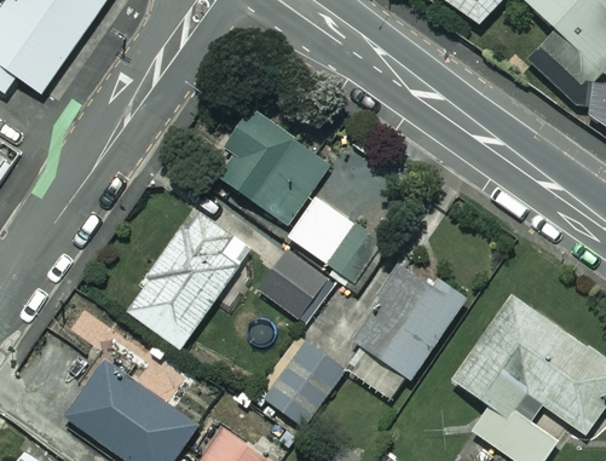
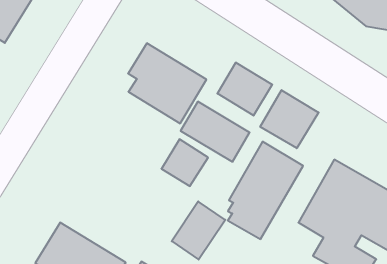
building: none -> [217,62,272,116]
building: none -> [260,90,319,148]
building: [127,213,249,348] -> none

